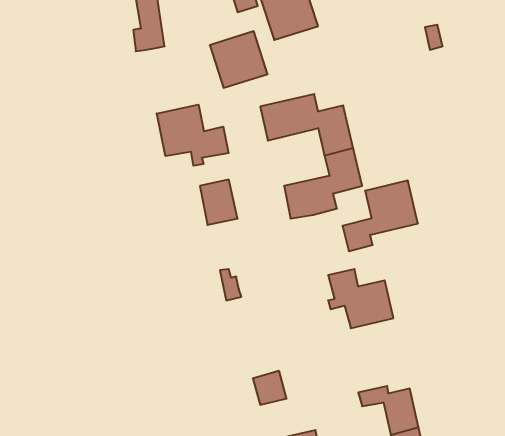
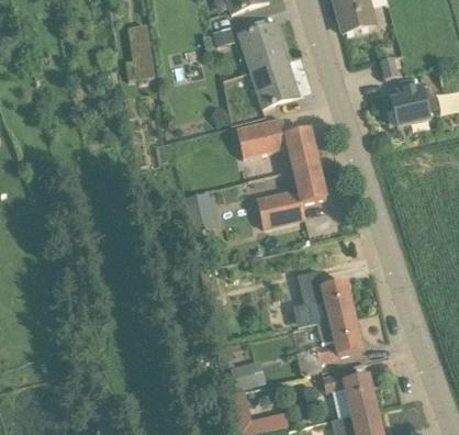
building: [210,31,268,88] -> [248,58,299,108]
building: none -> [390,82,439,126]
building: [157,105,229,166] -> none
building: [342,181,418,251] -> [295,313,361,375]

